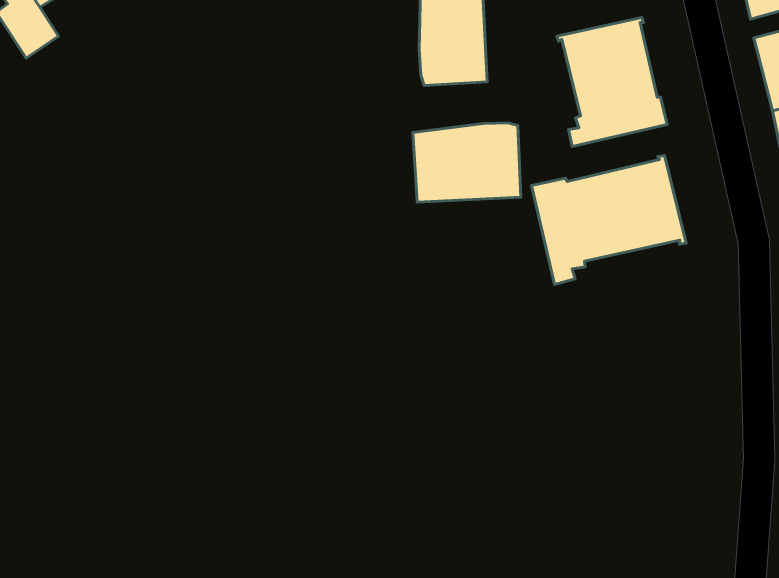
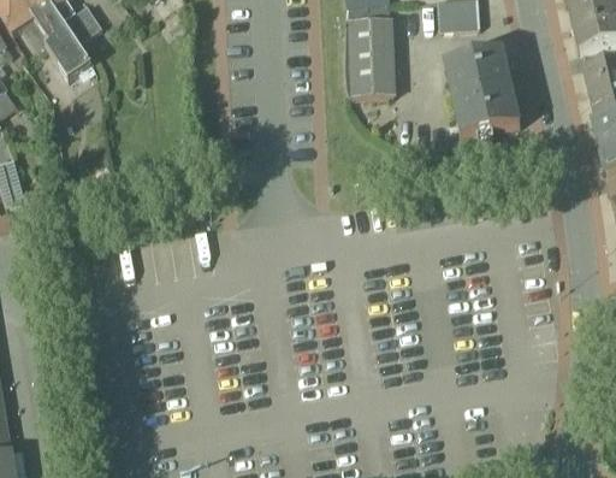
building: [413,123,521,202] -> none
building: [532,155,686,284] -> none

